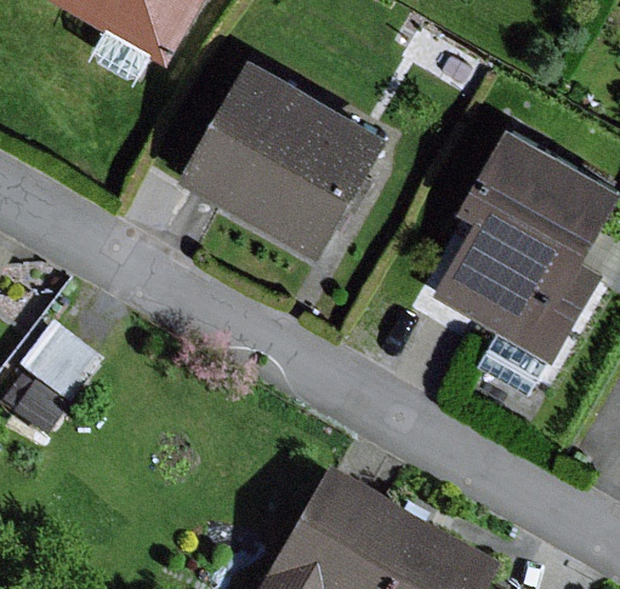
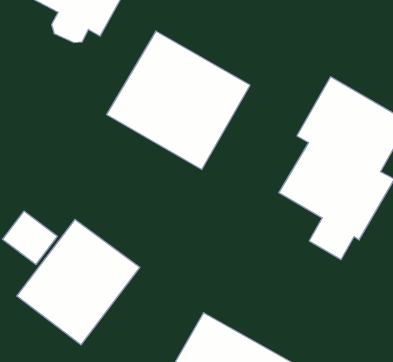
building: none -> [17,219,140,345]

